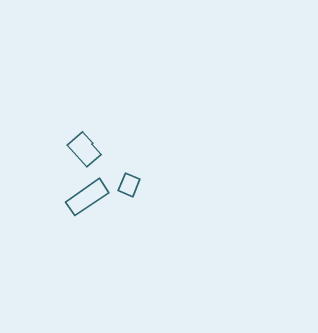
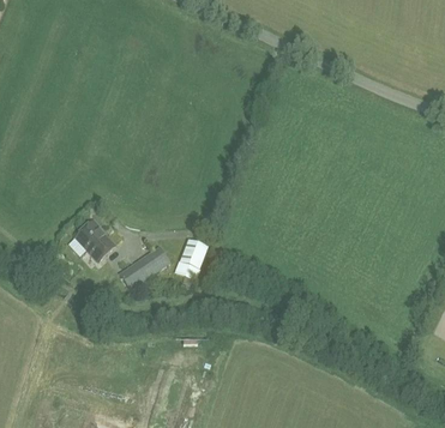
building: [67,132,101,167] -> [73,221,113,261]

